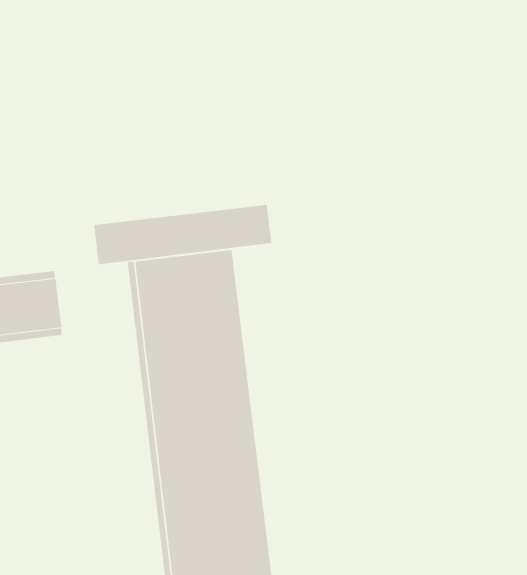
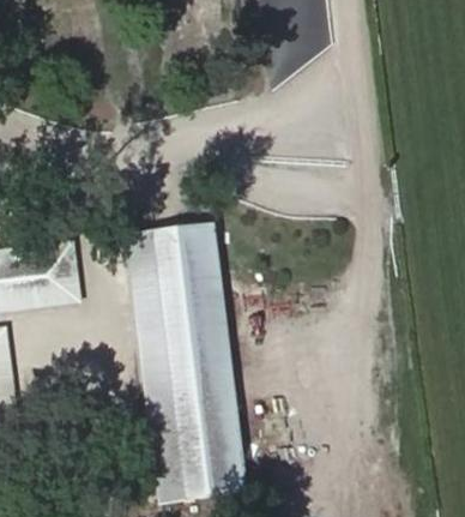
building: [94,204,272,265] -> none

